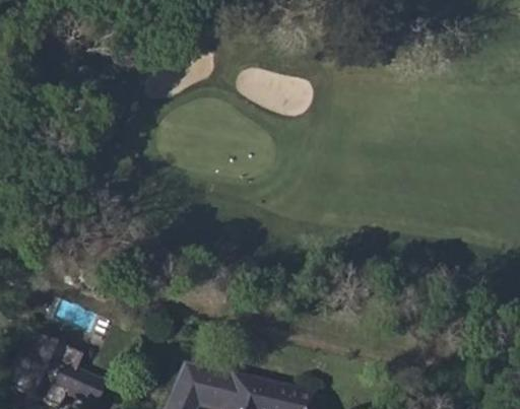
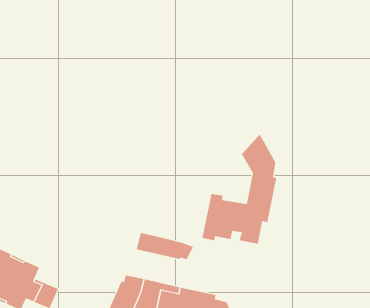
building: none -> [202,133,277,244]
building: none -> [136,232,194,260]

